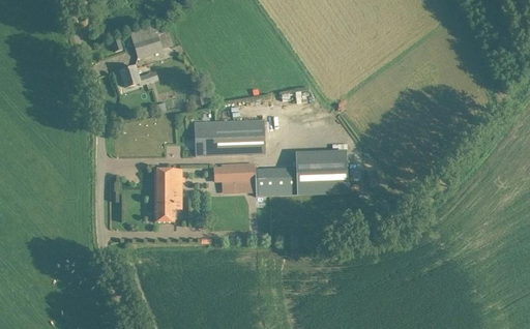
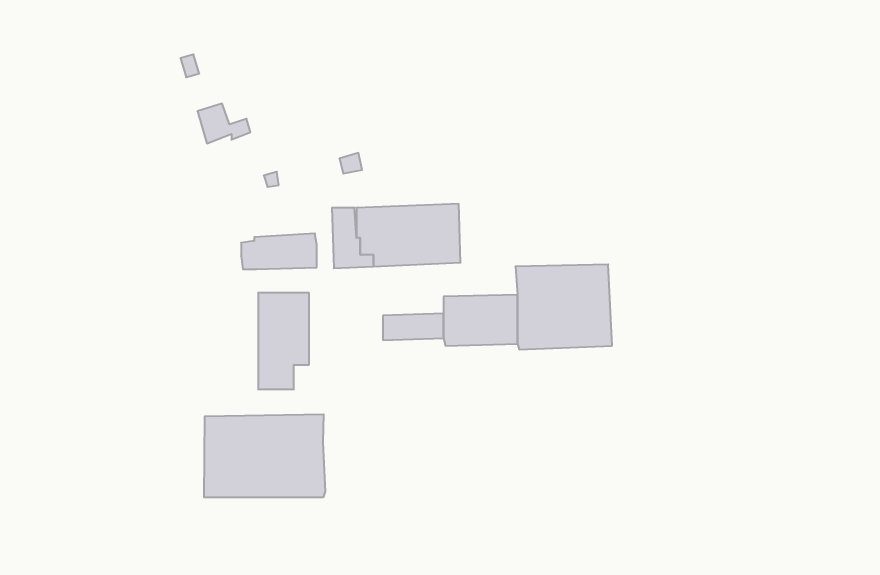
building: [128,21,172,56] -> none
building: [213,160,255,180] -> [241,233,317,269]
building: none -> [204,414,325,497]

